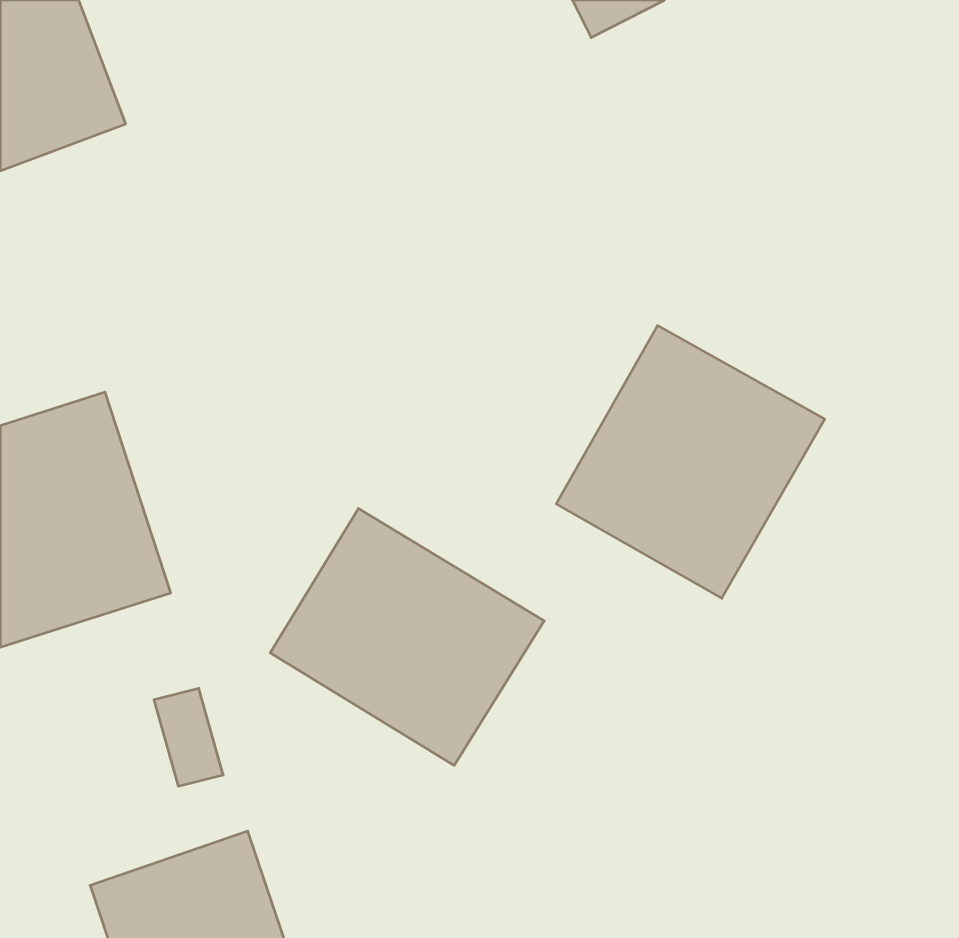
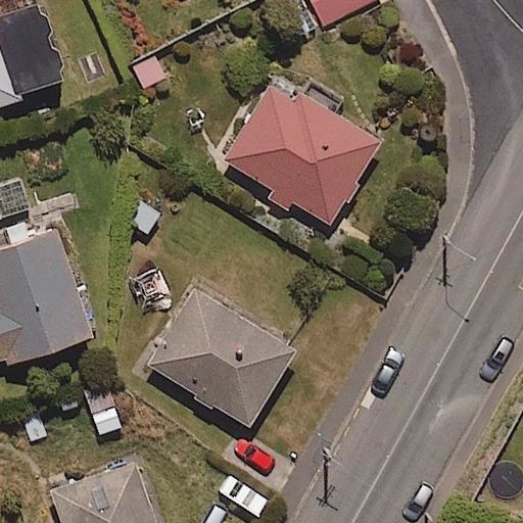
building: none -> [221,76,382,227]
building: [556,326,825,598] -> none

